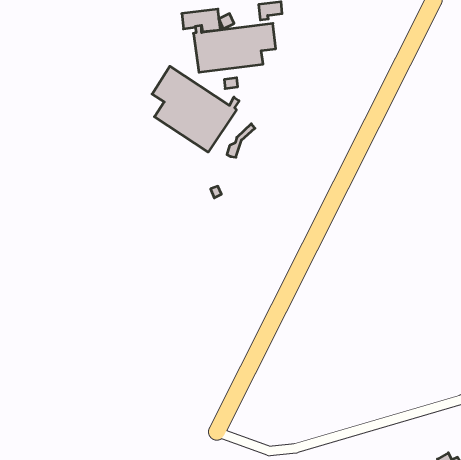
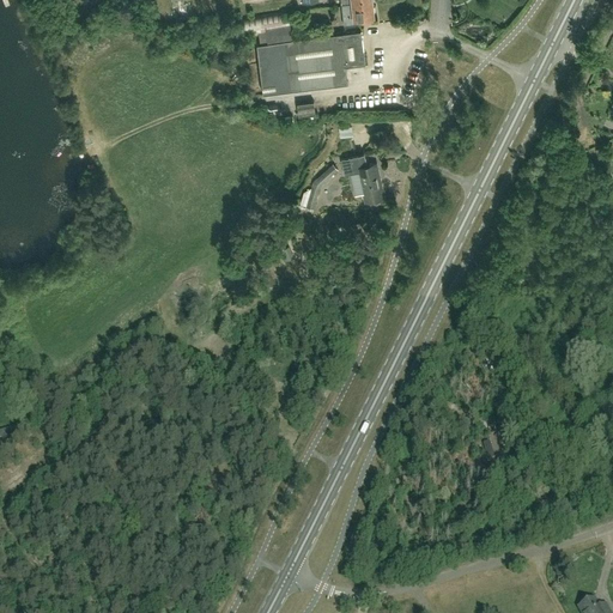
building: [152,66,239,152] -> none
building: none -> [342,157,386,205]

